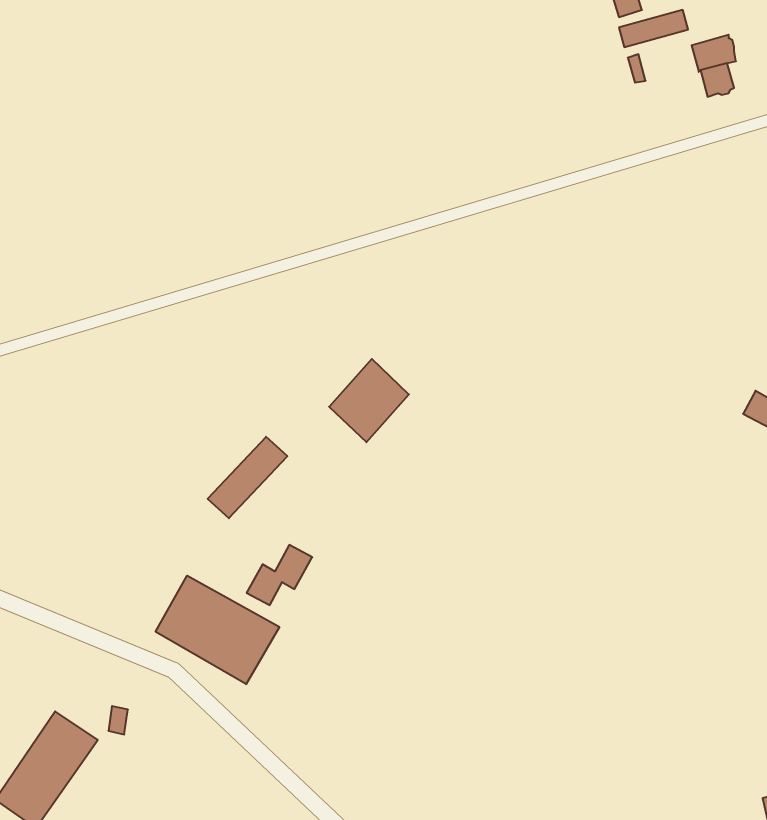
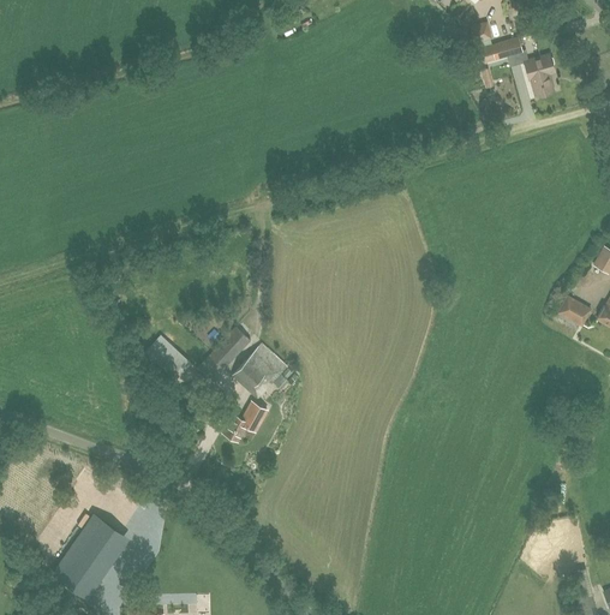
building: [329,359,409,442] -> [233,344,287,400]
building: none -> [146,336,189,377]
building: [156,576,279,684] -> none

